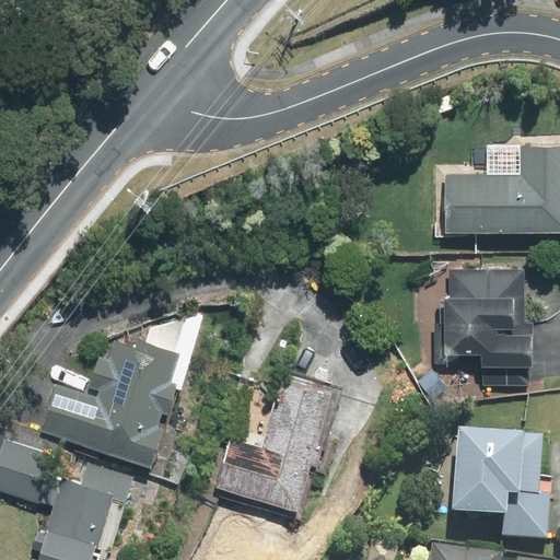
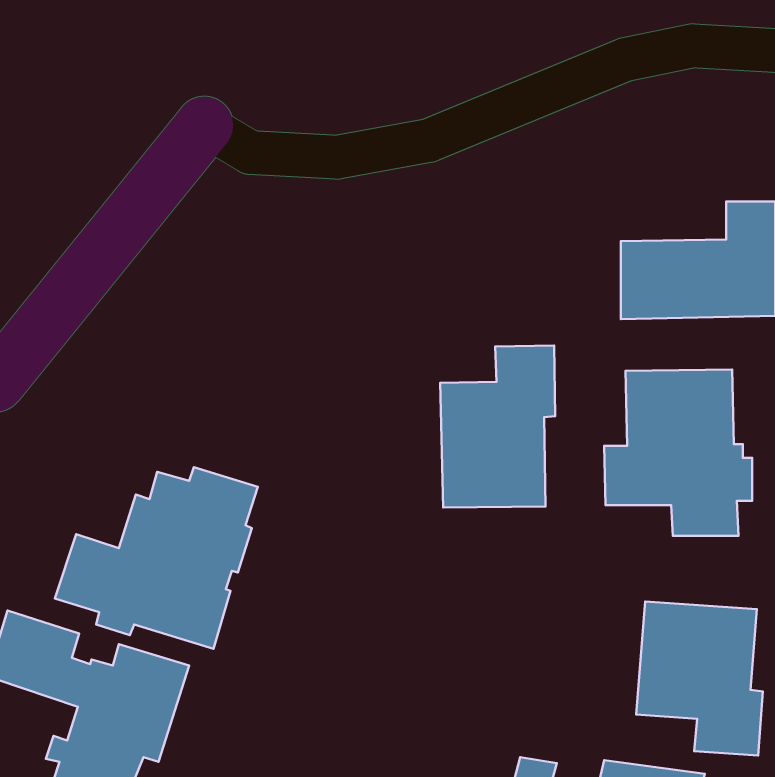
building: none -> [440,346,555,508]
building: [214,370,342,517] -> none

